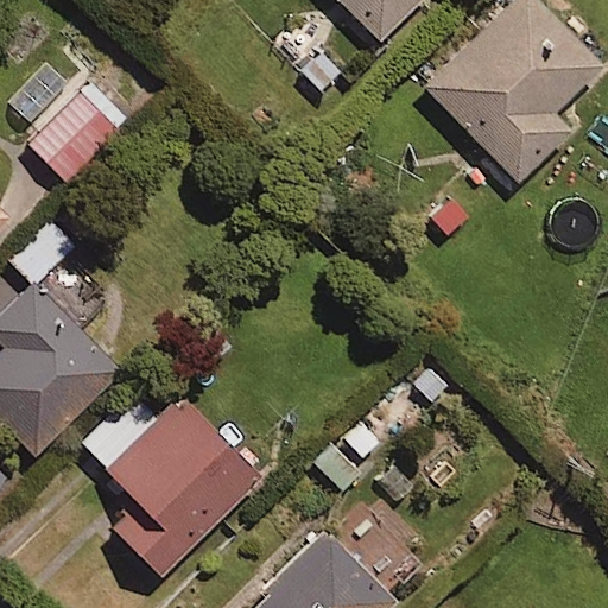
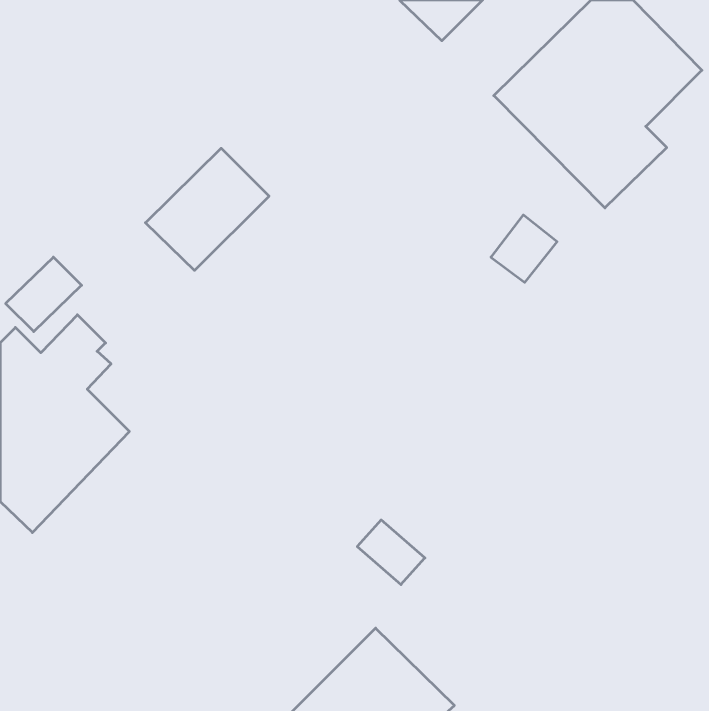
building: [26,78,131,182] -> [145,148,269,270]
building: [82,397,259,577] -> none

